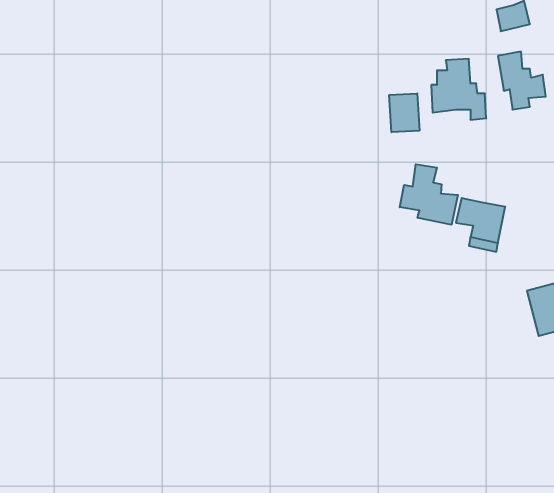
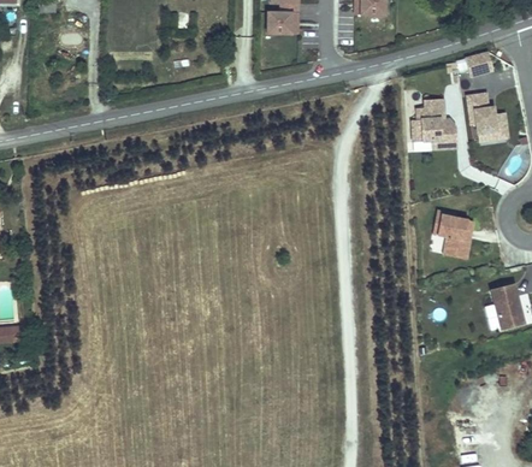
building: [389,93,419,132] -> none
building: [400,164,458,225] -> none

